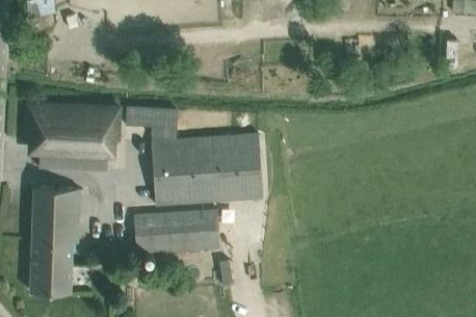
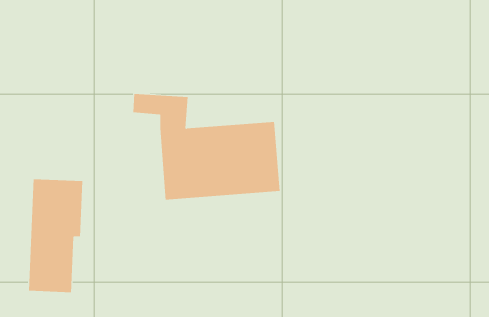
building: [26,102,123,168] -> none
building: [134,208,220,252] -> none

